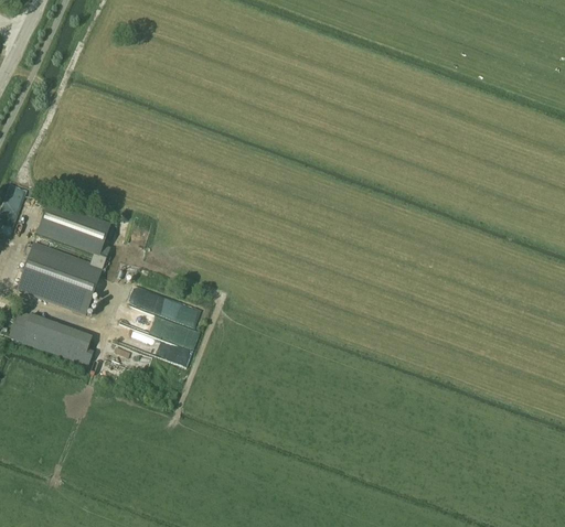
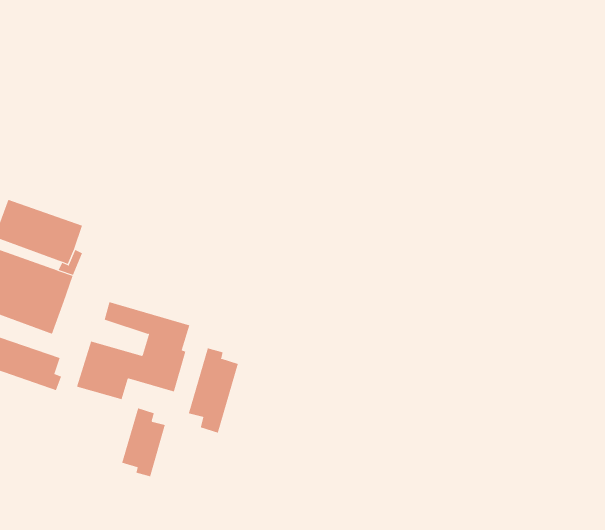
building: none -> [188,347,239,434]
building: none -> [122,408,166,477]

